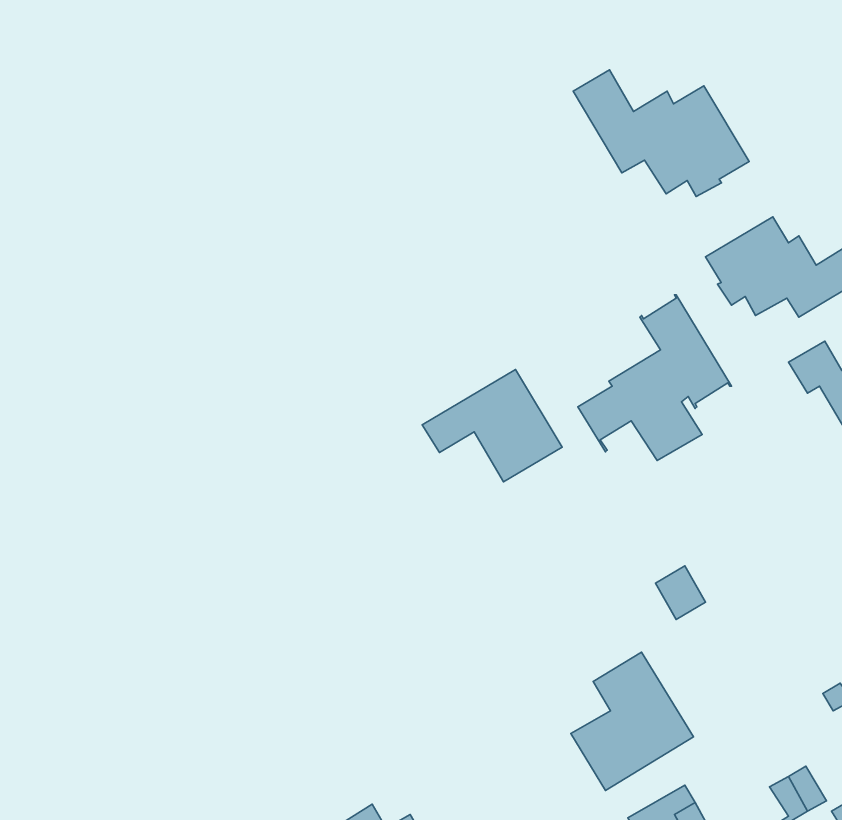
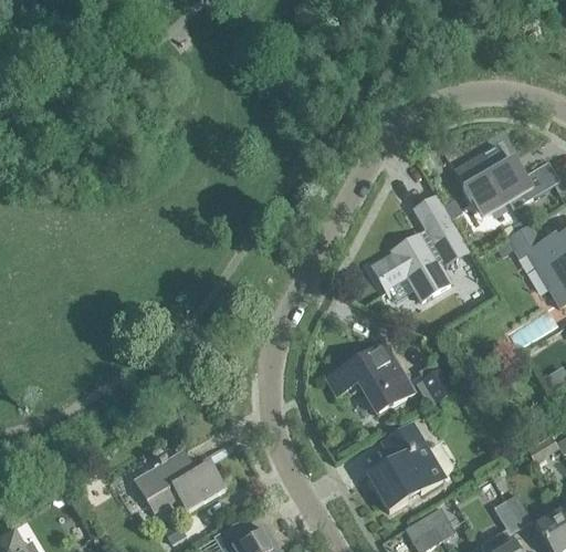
building: [573,70,749,196] -> none
building: [422,370,562,482] -> [325,342,415,414]
building: none -> [133,449,226,513]

